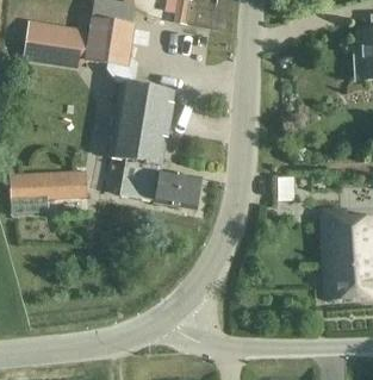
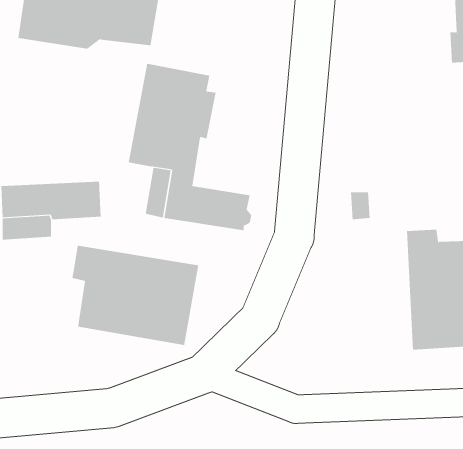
building: none -> [72,245,199,346]

